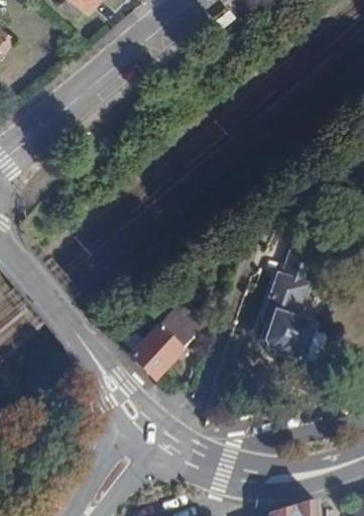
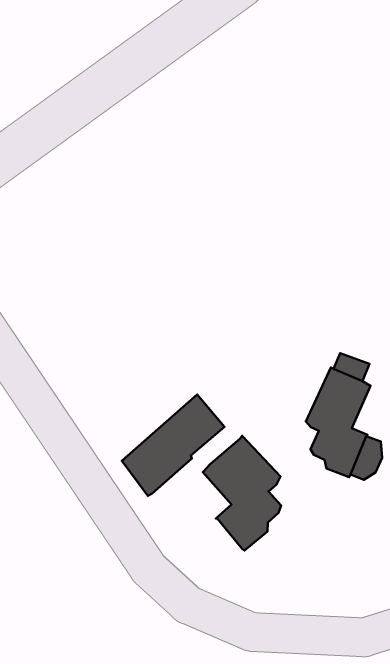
building: none -> [203,436,281,551]

